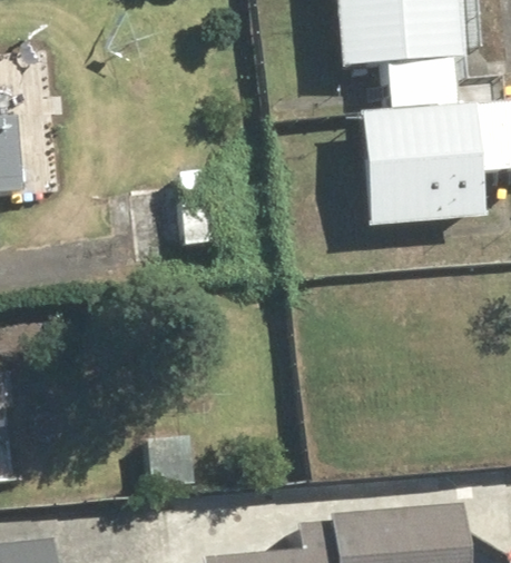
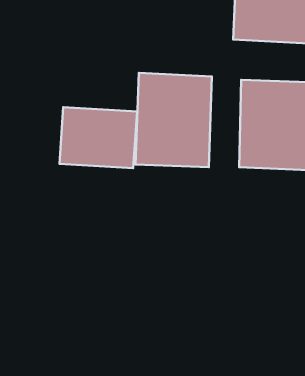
building: none -> [135,73,212,167]

